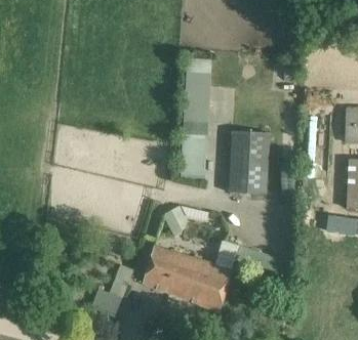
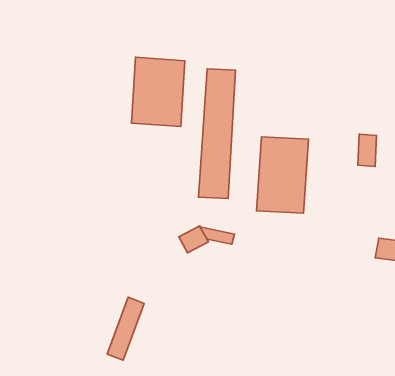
building: none -> [132,57,185,127]
building: [144,247,232,310] -> none

